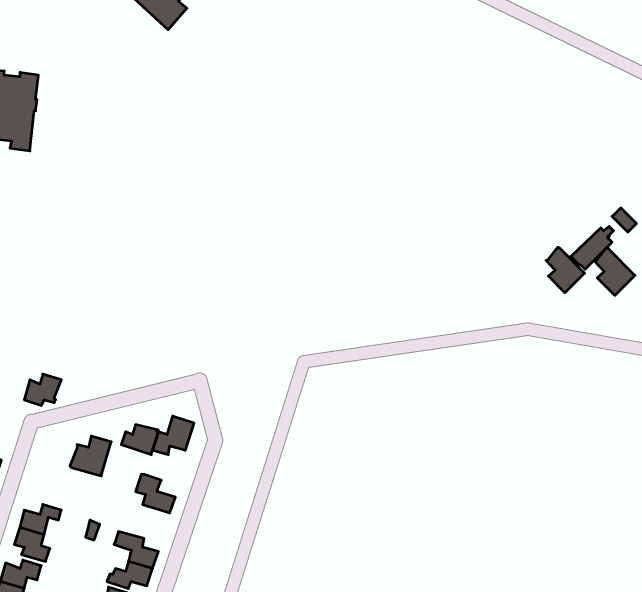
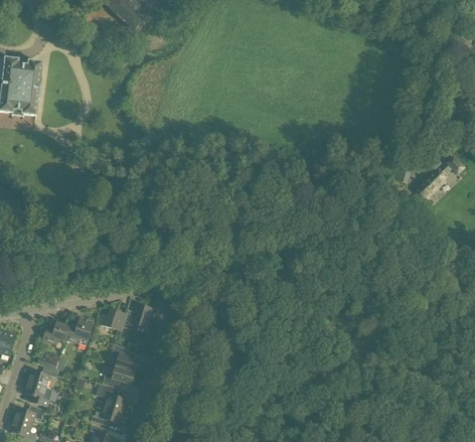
building: [546,247,585,293] -> none
building: [594,248,635,295] -> none
building: [24,374,61,405] -> [42,321,68,343]
building: none -> [102,365,134,388]

